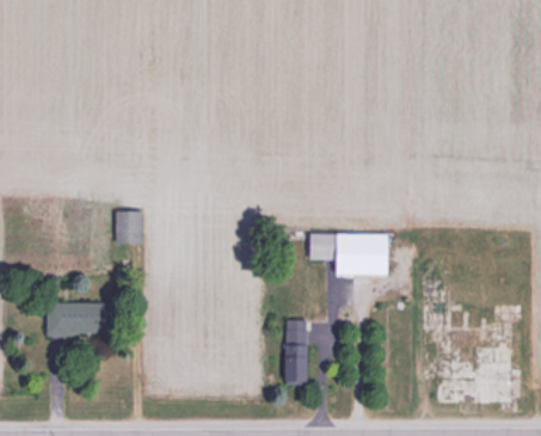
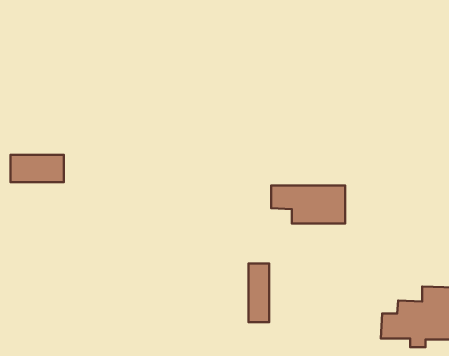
building: [115,211,145,242] -> none
building: [47,303,105,333] -> [11,155,64,182]

